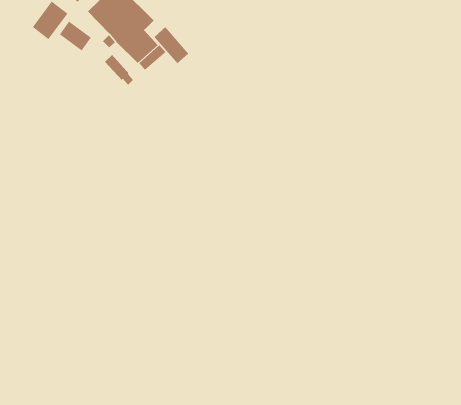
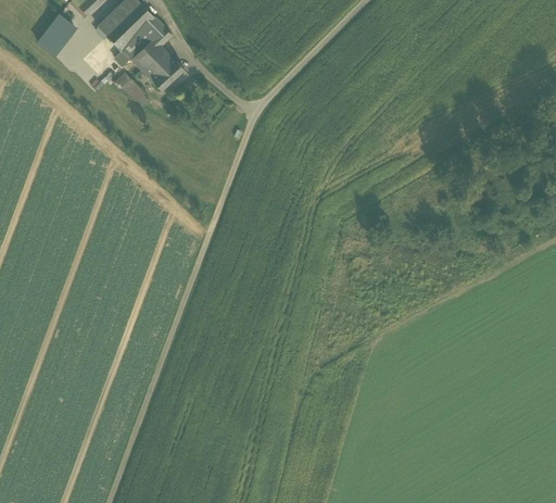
building: [59,21,92,52] -> none
building: [153,26,189,64] -> none

